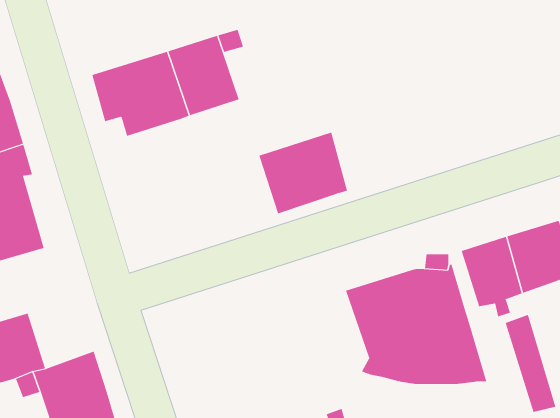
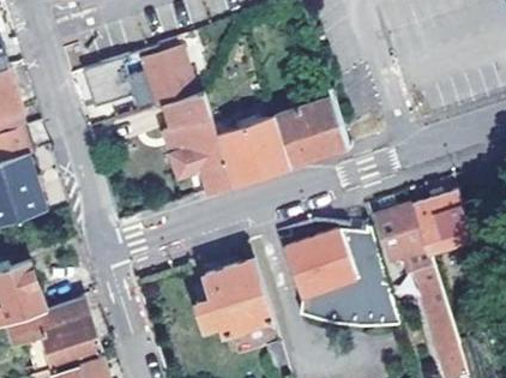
building: none -> [153,91,231,193]
building: none -> [276,98,348,166]
building: none -> [199,258,276,331]

